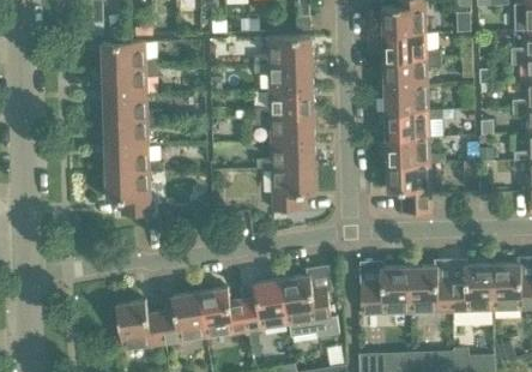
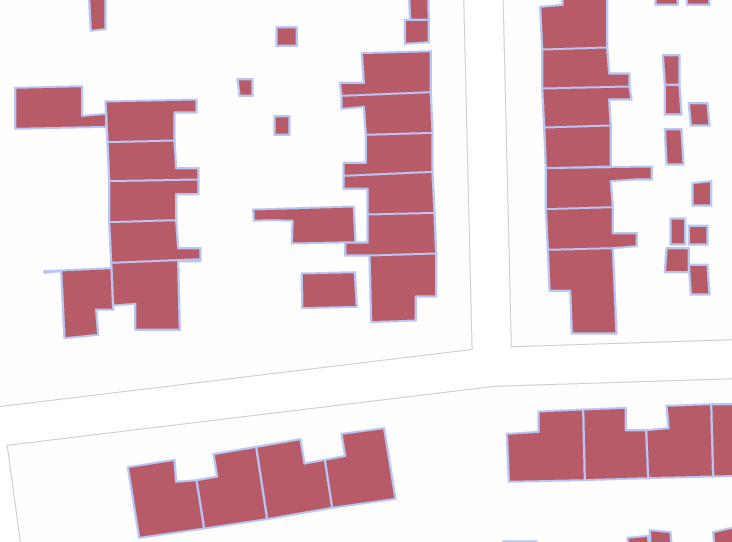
building: [102,40,161,67] -> [15,86,106,129]
building: none -> [253,207,356,243]
building: none -> [44,268,113,338]
building: none -> [302,272,357,308]
building: [282,274,339,335] -> none

